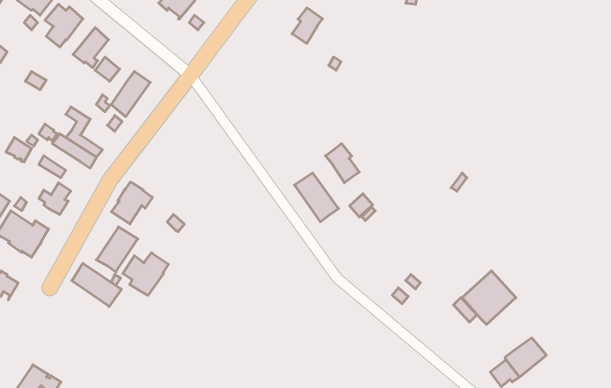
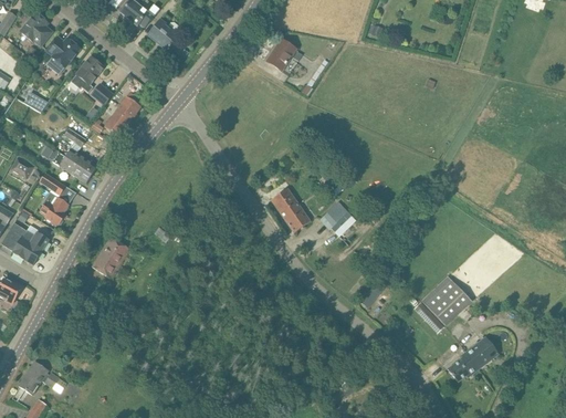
building: [325,144,359,183] -> none
building: [111,182,152,224] -> none
building: [123,253,168,295] -> none
building: [72,263,121,307] -> none

